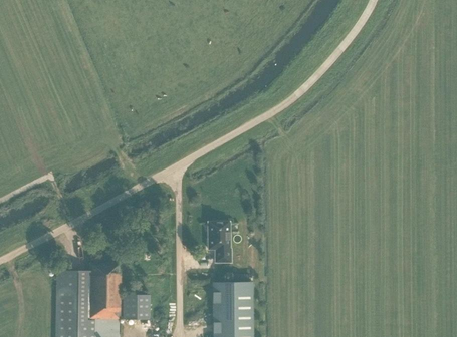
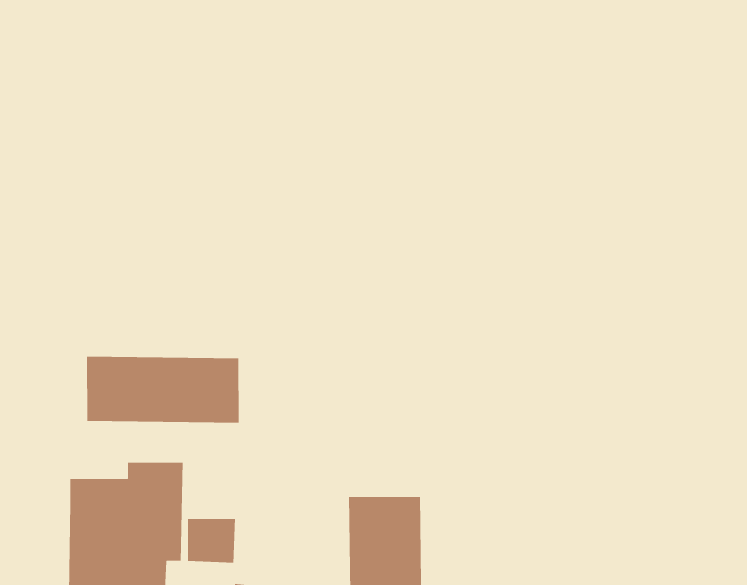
building: none -> [86,356,239,423]
building: [207,221,231,262] -> none

